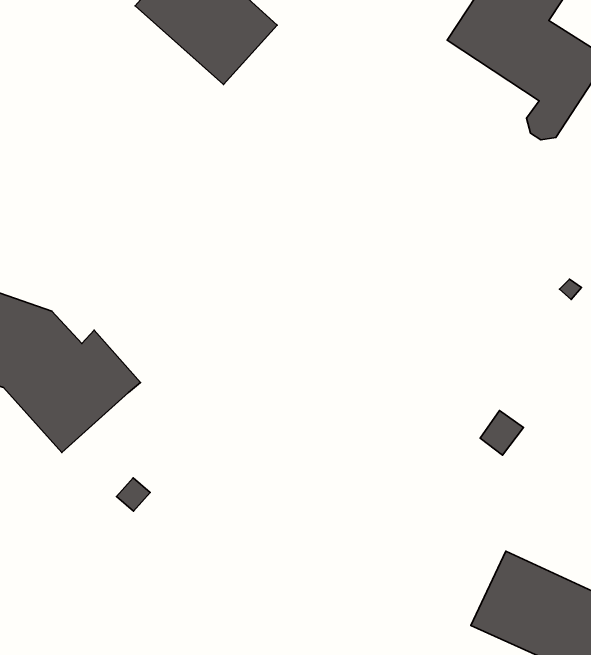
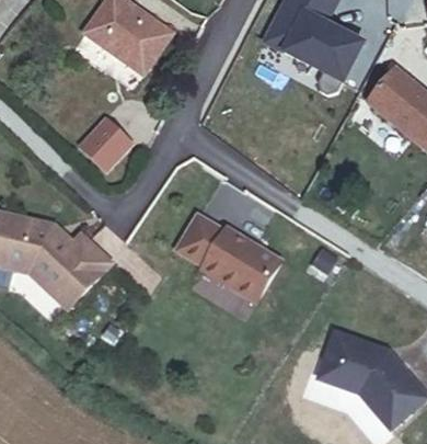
building: none -> [79,117,128,168]
building: none -> [176,208,280,296]

